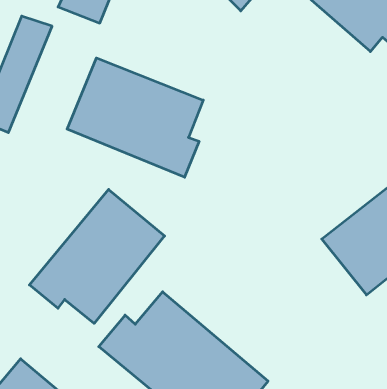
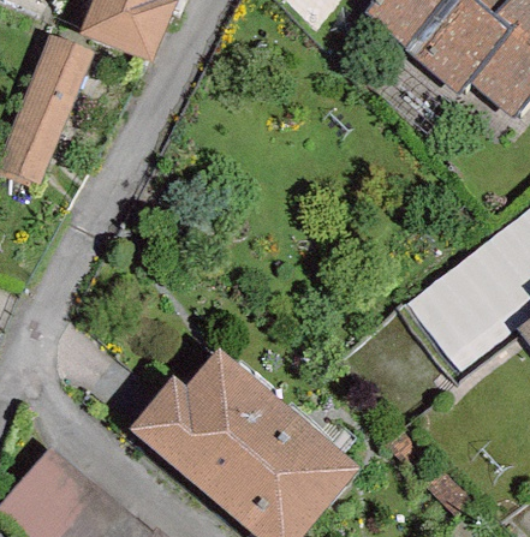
building: [67,58,203,177] -> none
building: [29,189,165,323] -> none

